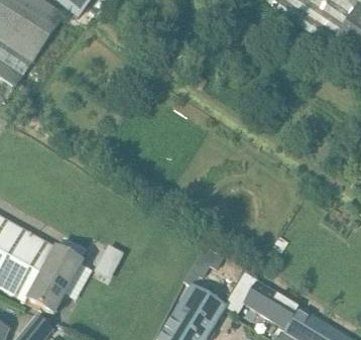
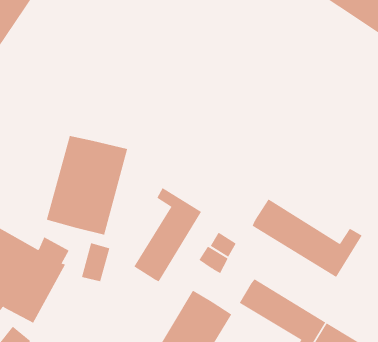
building: none -> [46,135,128,235]
building: none -> [133,187,202,282]
building: none -> [252,199,363,278]

